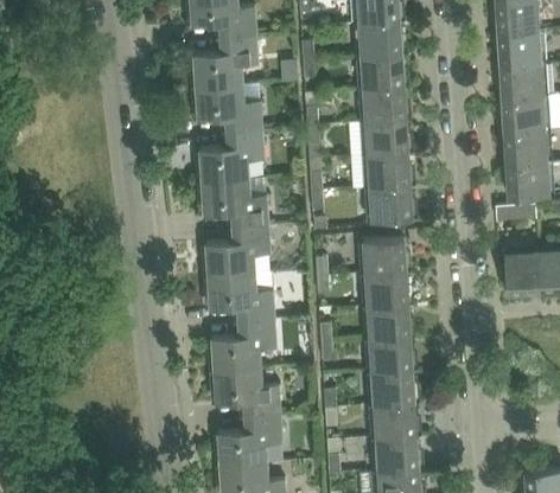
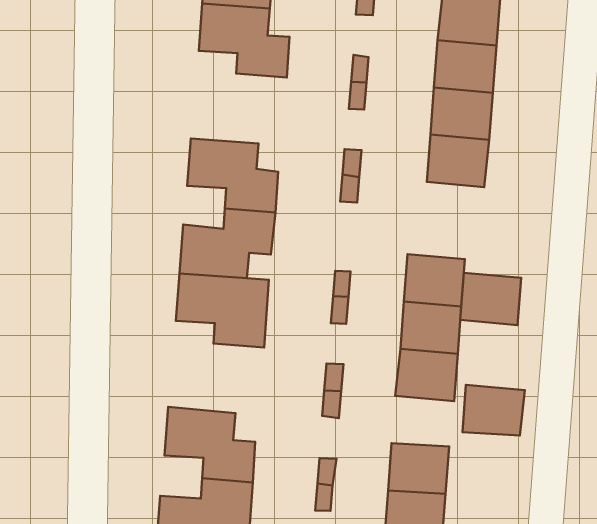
building: [198,129,262,181] -> none
building: [369,185,412,220] -> [460,273,521,325]
building: [211,319,274,370] -> none
building: [369,337,412,372] -> [462,385,525,436]

